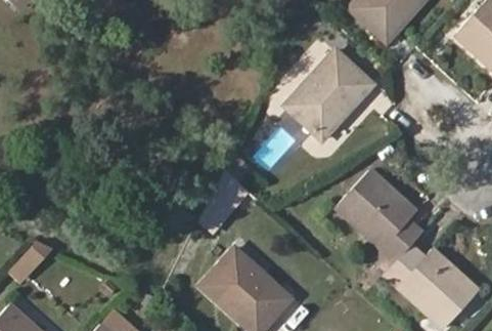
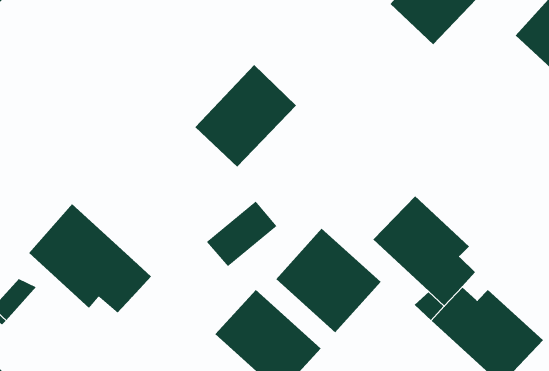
building: [286,51,372,138] -> [195,64,297,167]
building: none -> [28,203,152,313]
building: none -> [275,228,381,333]

